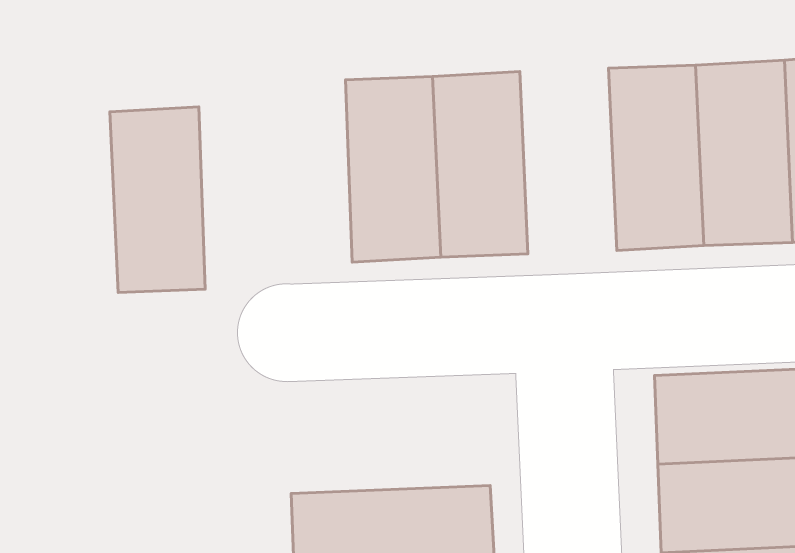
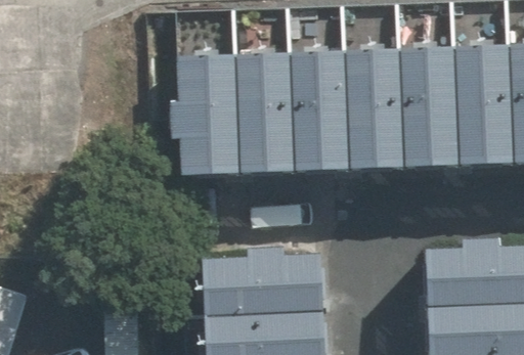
building: none -> [346,52,406,168]
building: [110,107,205,292] -> [182,59,242,175]
building: none -> [202,257,328,317]

